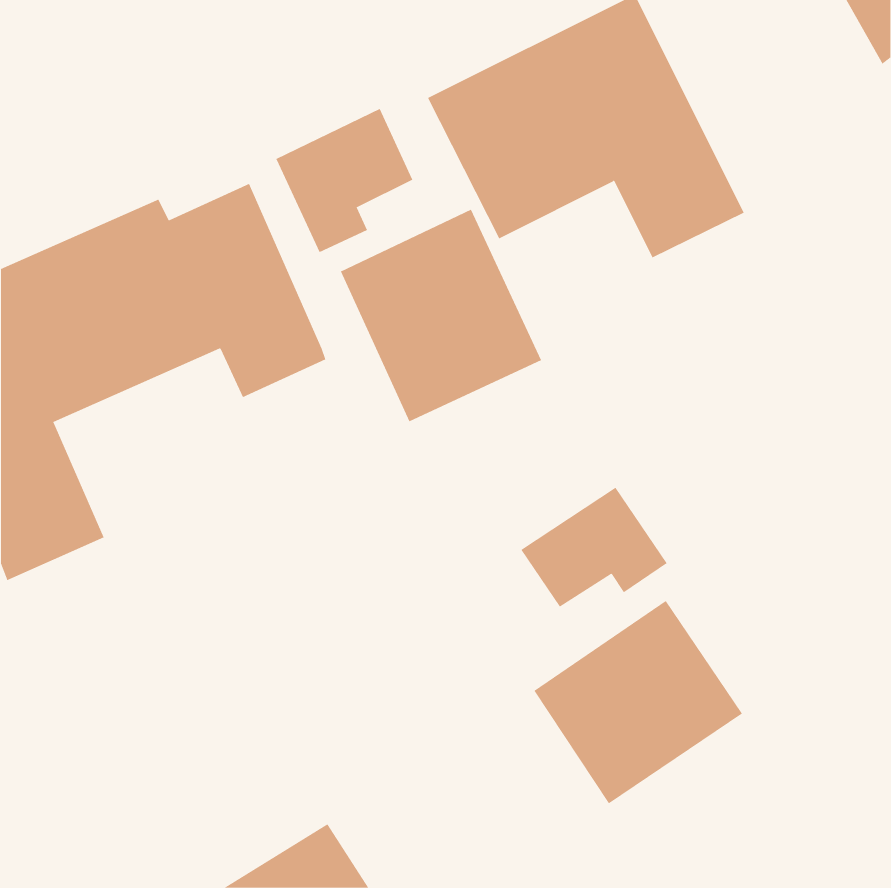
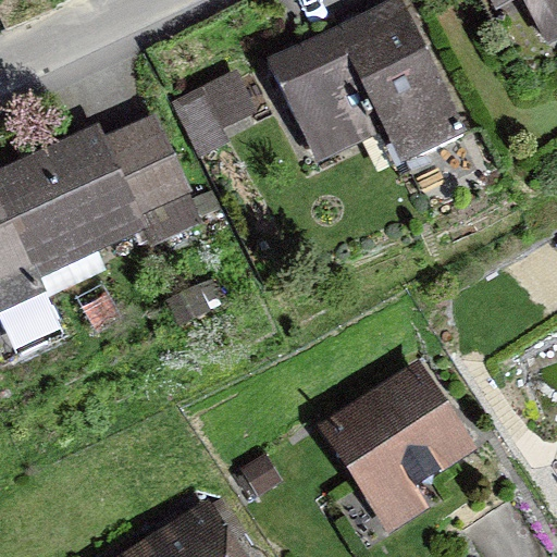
building: [340,209,542,422] -> none
building: [520,487,668,608] -> none

